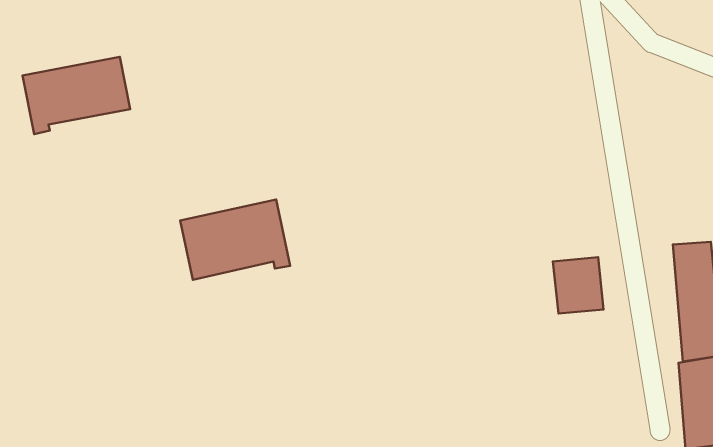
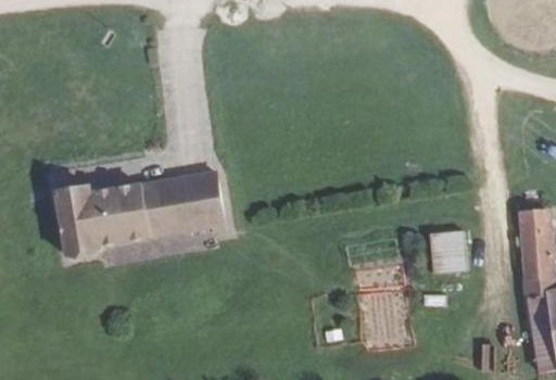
building: [22,57,130,134] -> none
building: none -> [54,169,214,261]

